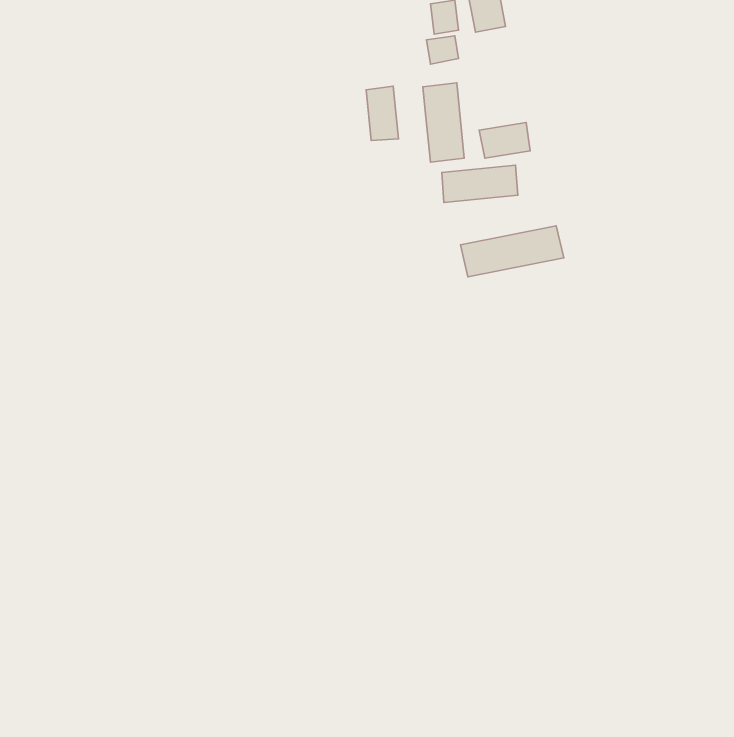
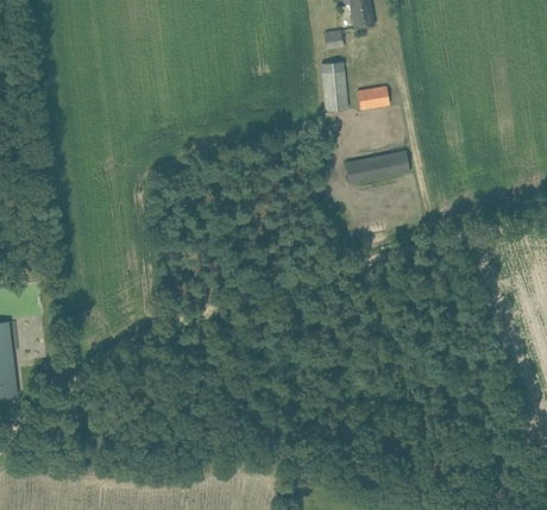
building: [366,86,398,140] -> none
building: [442,165,518,203] -> none

